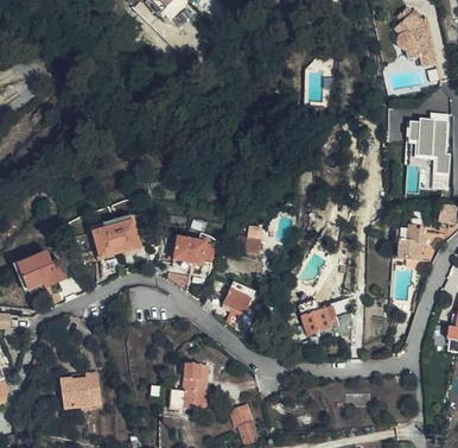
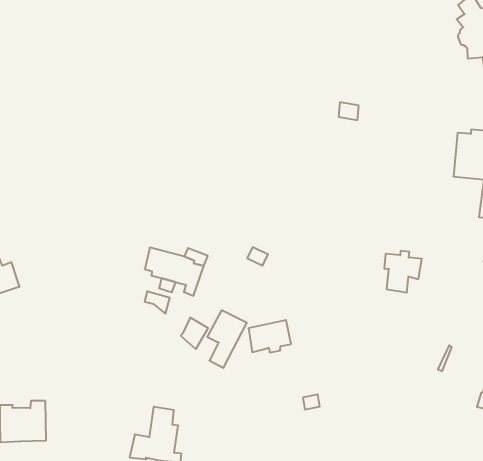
building: [93,221,140,259] -> none
building: [396,226,426,259] -> [384,251,422,293]
building: [301,307,337,335] -> [248,320,291,352]

